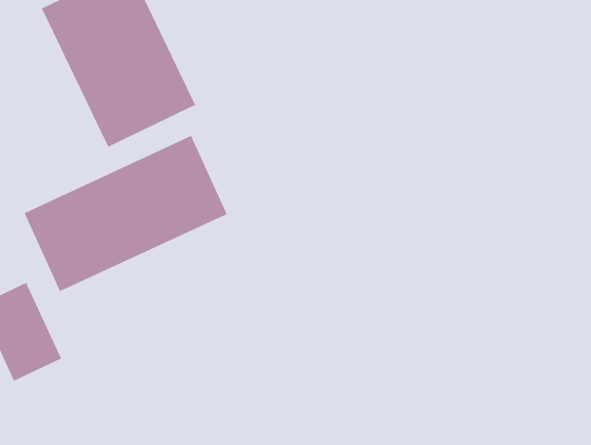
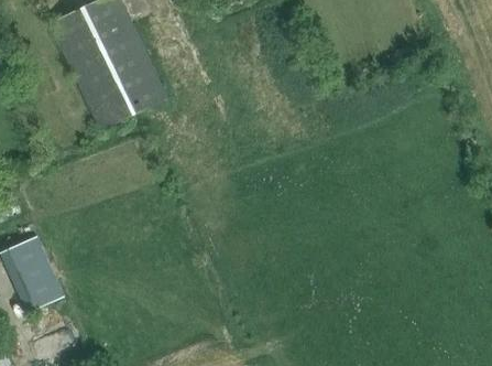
building: [23,135,228,292] -> none

